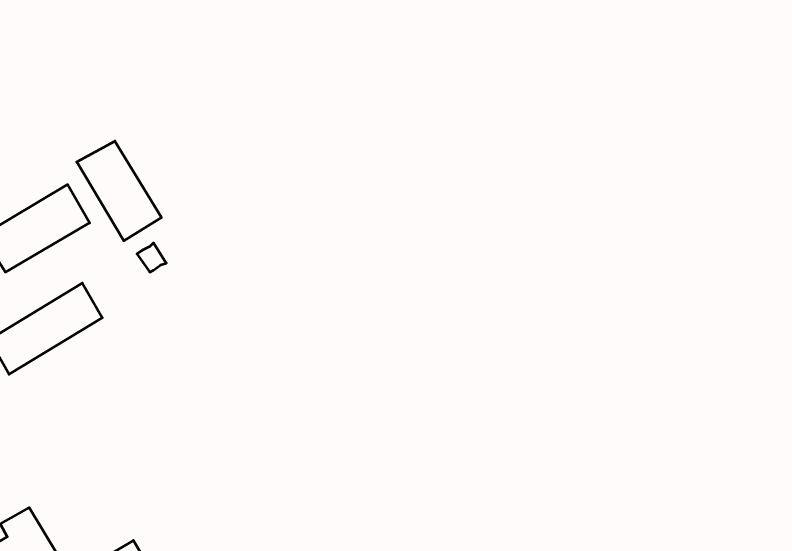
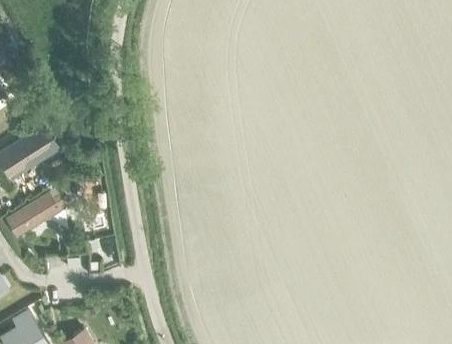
building: [77,141,161,241] -> none

